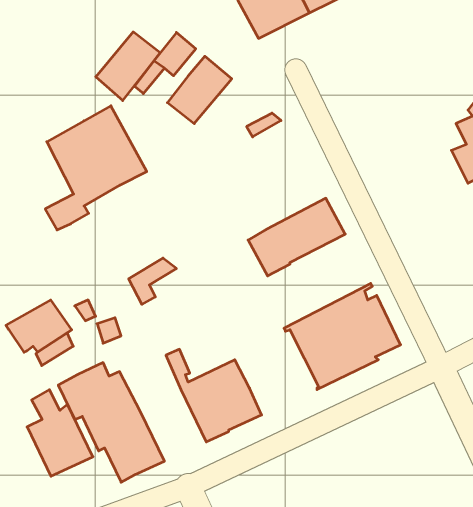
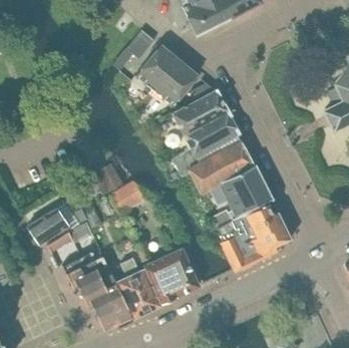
building: [96,32,160,101] -> [152,60,196,106]
building: [45,106,147,230] -> [171,89,240,172]
building: none -> [92,161,124,194]
building: none -> [209,164,271,228]
building: [27,390,93,476] -> [116,259,160,317]

